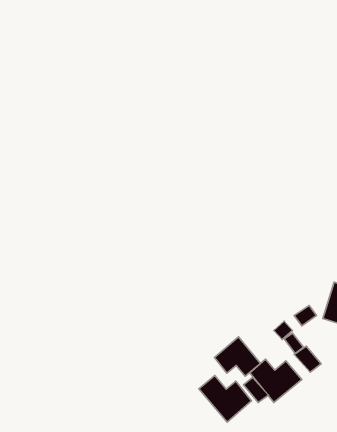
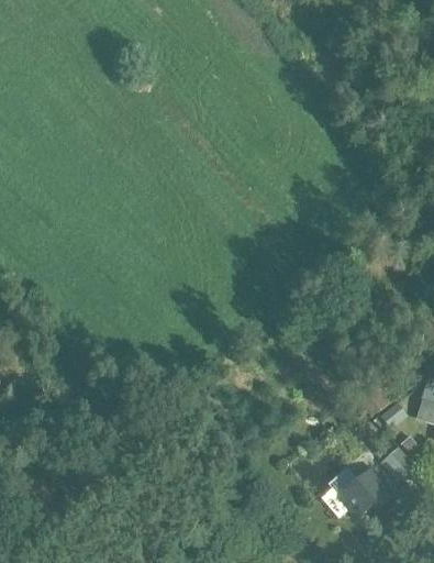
building: [214,337,261,376] -> none
building: [199,376,252,422] -> none

